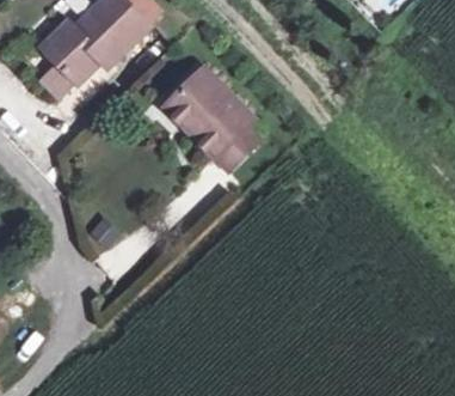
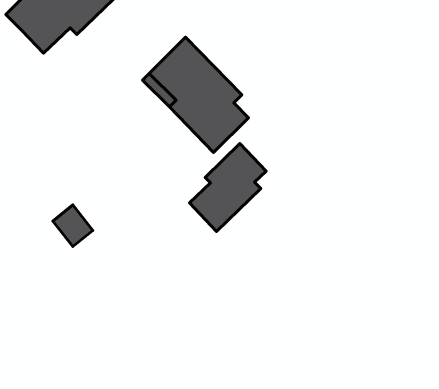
building: none -> [189,144,266,231]

